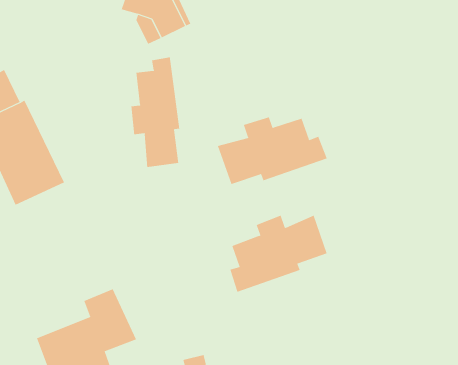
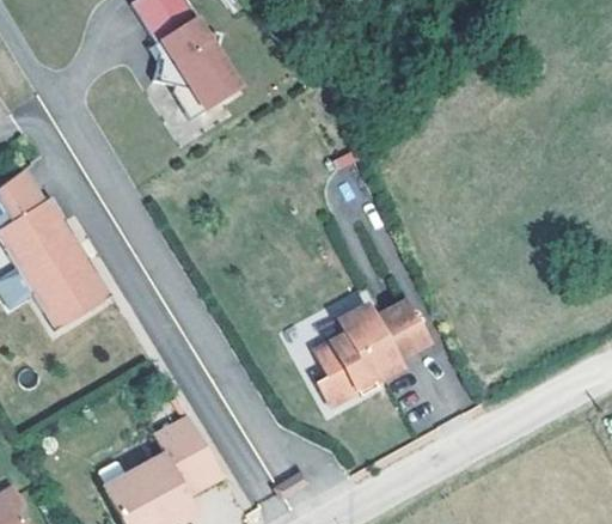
building: [131,56,180,168] -> none
building: [217,117,327,185] -> none

